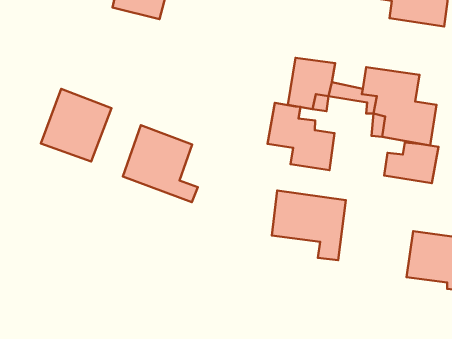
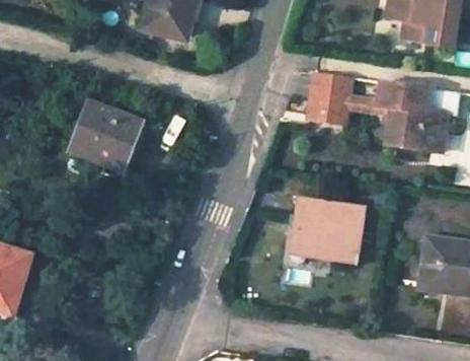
building: [267,103,334,170] -> none
building: [123,125,198,202] -> none
building: [384,142,439,183] -> none

